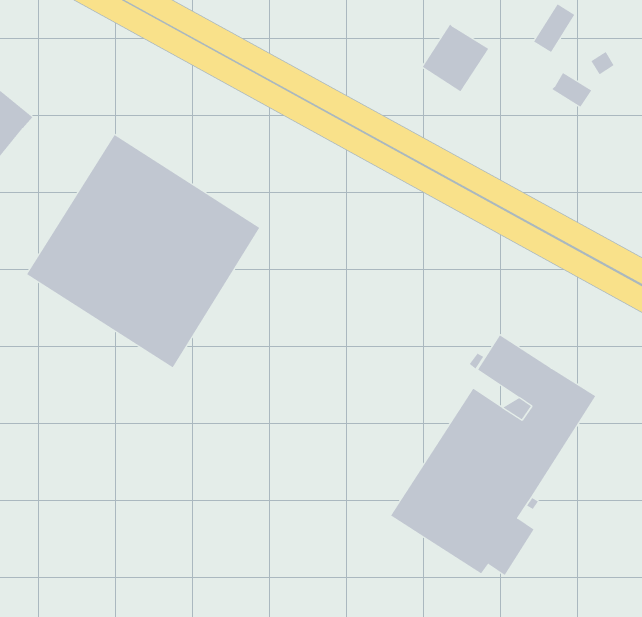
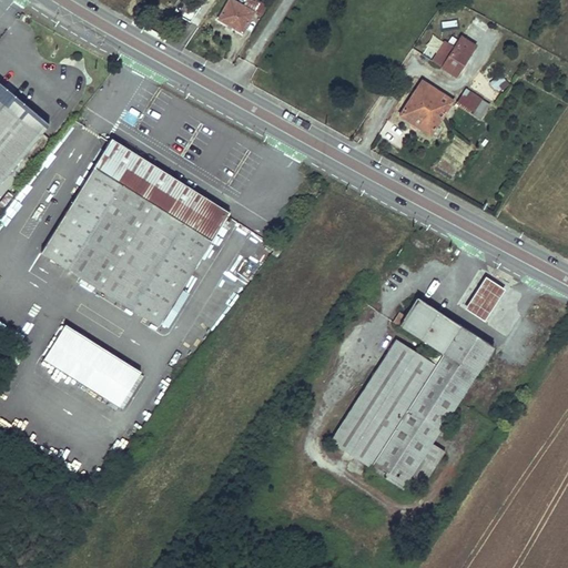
building: [422,23,489,92] -> [400,80,454,134]
building: none -> [465,277,504,320]
building: none -> [41,322,139,405]

